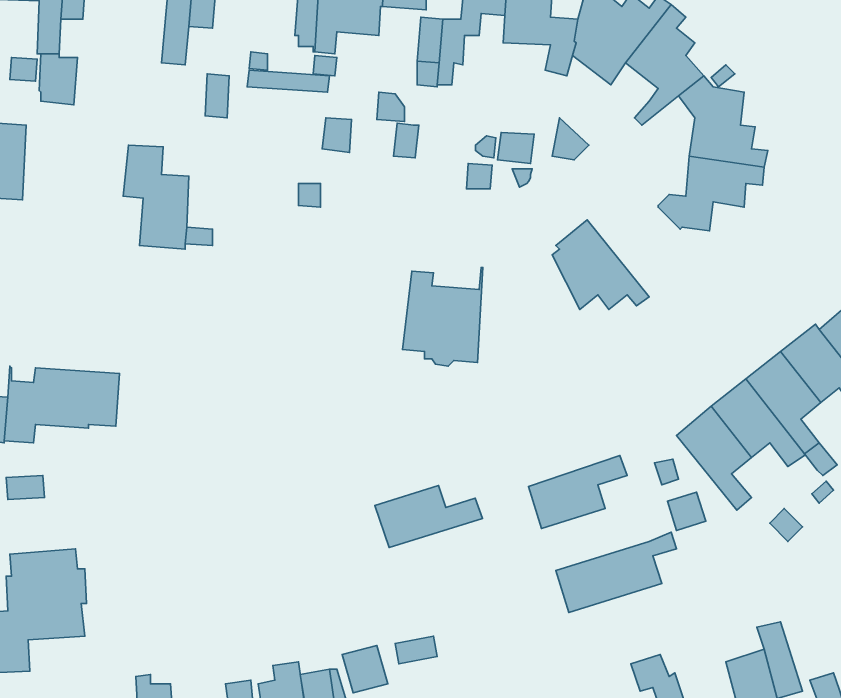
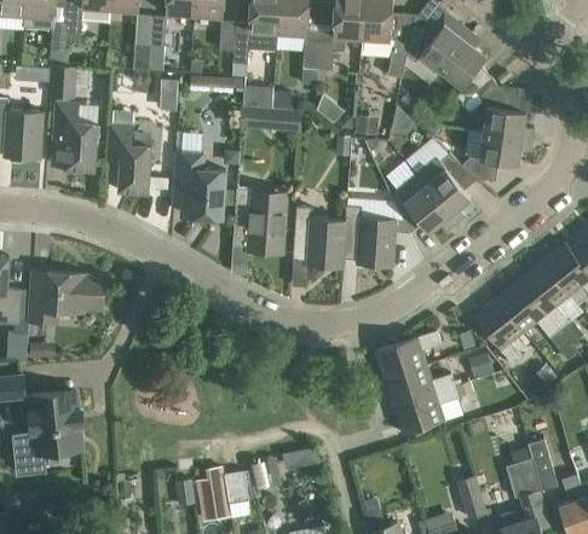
building: none -> [53,103,97,170]
building: none -> [173,151,225,219]
building: none -> [414,153,475,225]
building: none -> [232,188,287,256]
building: none -> [341,205,396,268]
building: [375,485,482,548] -> [384,365,455,406]

